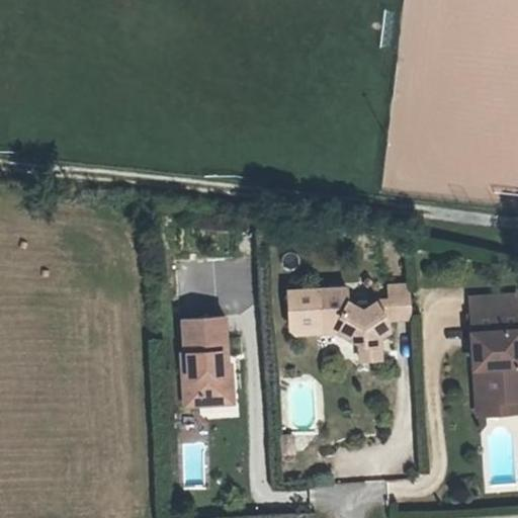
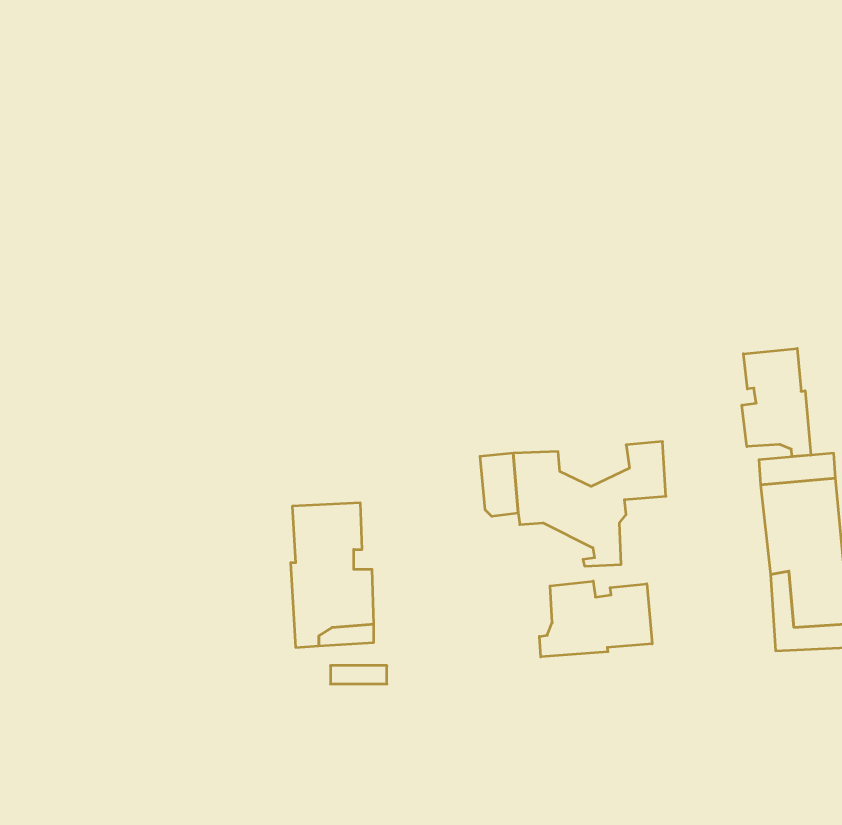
building: none -> [742,348,811,457]
building: none -> [539,581,652,657]

